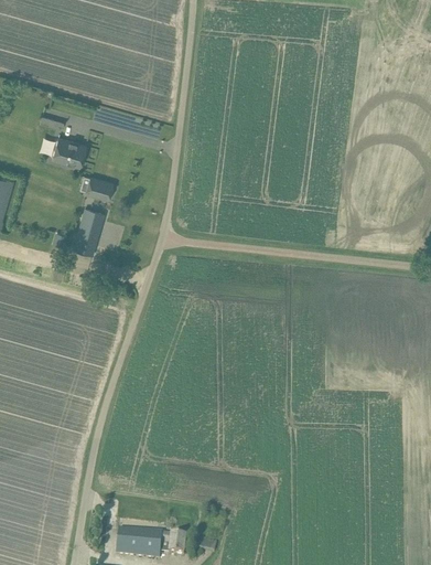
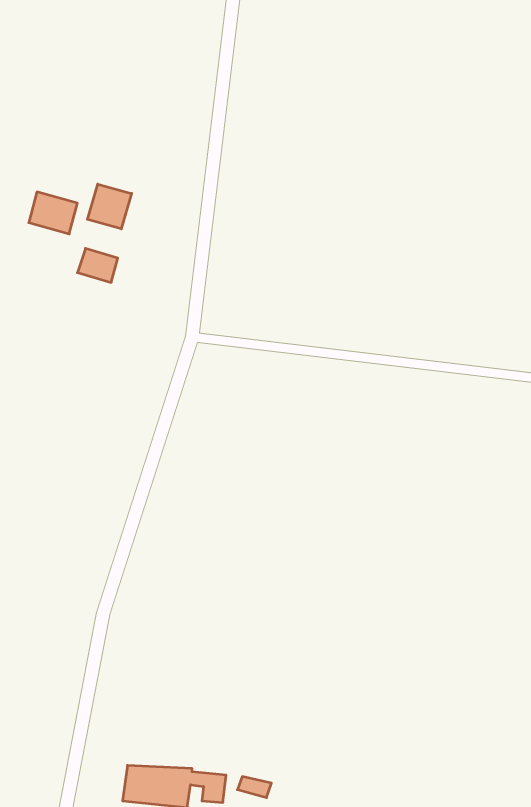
building: none -> [87,184,132,229]
building: [73,209,104,255] -> none

